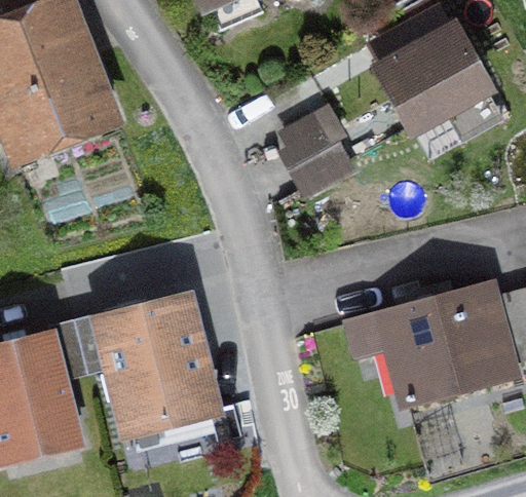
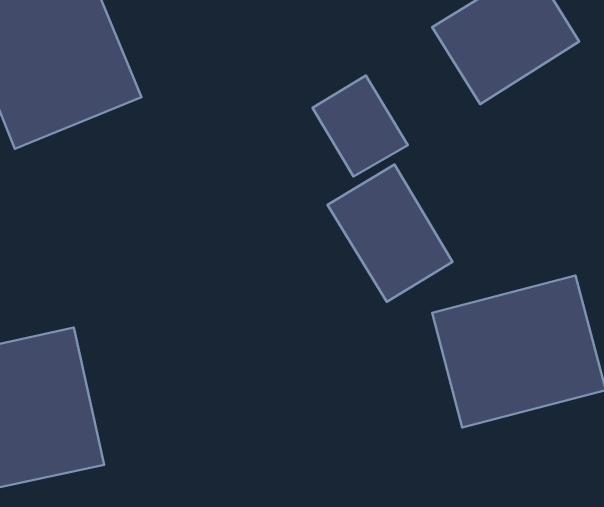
building: none -> [327,164,452,302]
building: [95,293,222,438] -> none

